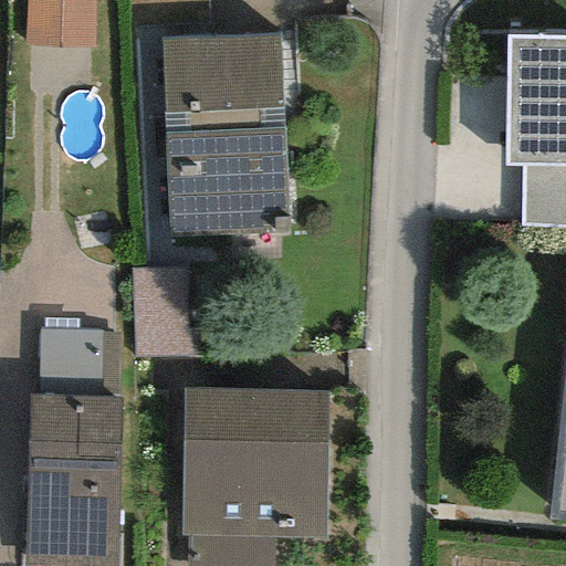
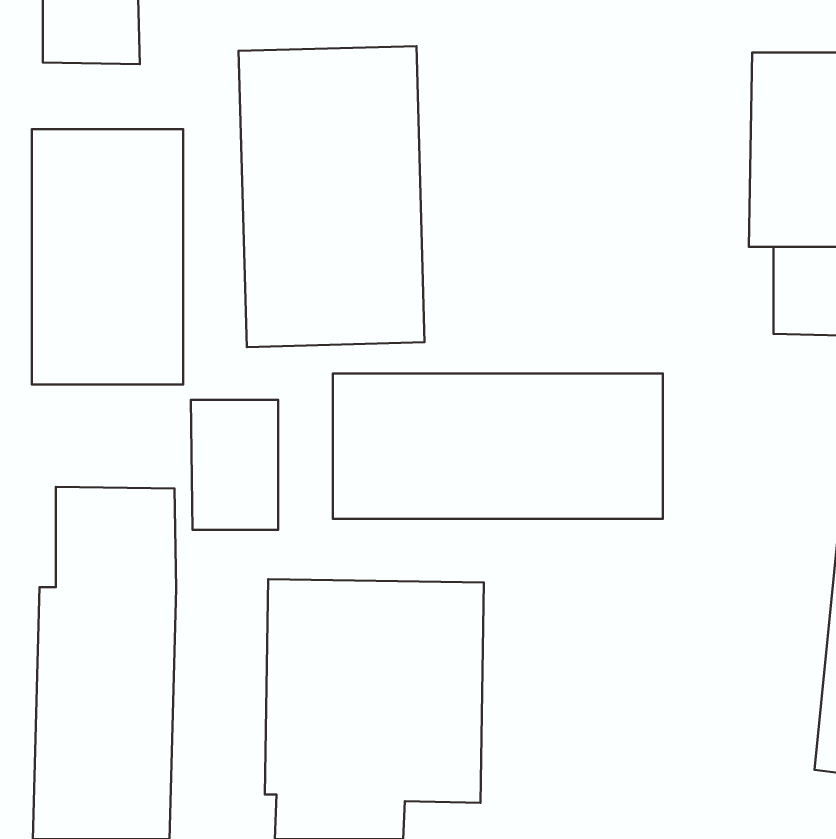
building: none -> [32,129,183,384]
building: none -> [333,374,663,519]

